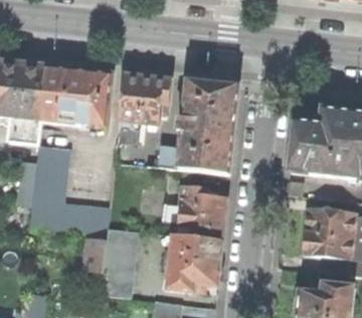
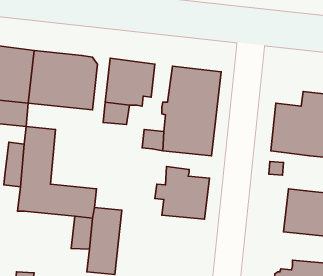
building: [169,233,222,290] -> none

